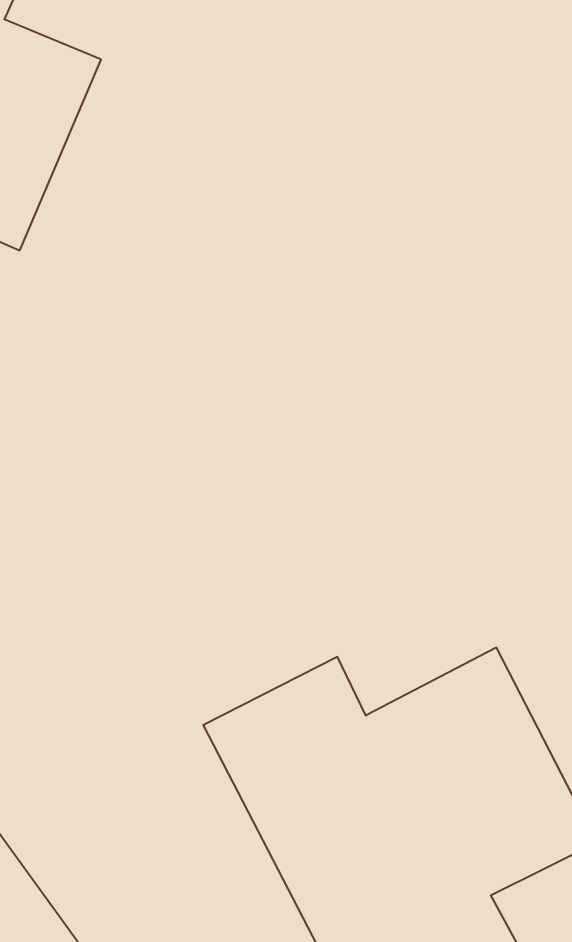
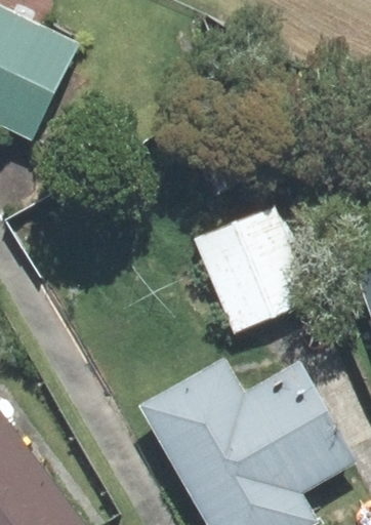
building: none -> [188,205,323,342]

